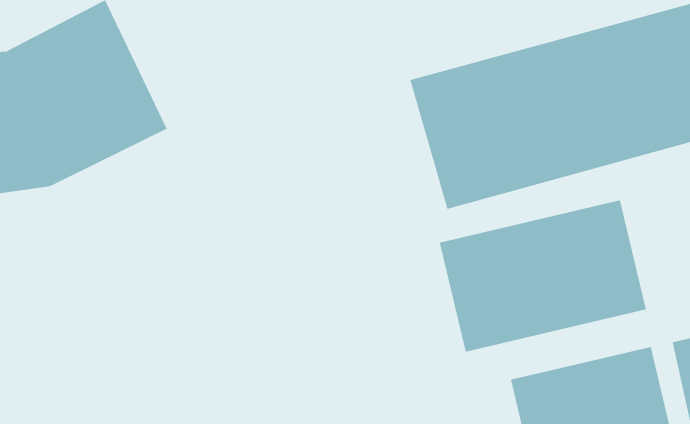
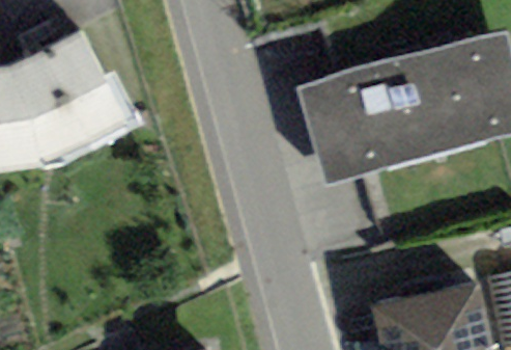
building: [439,199,646,353] -> none

